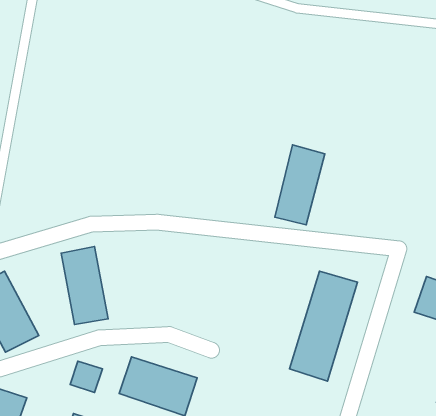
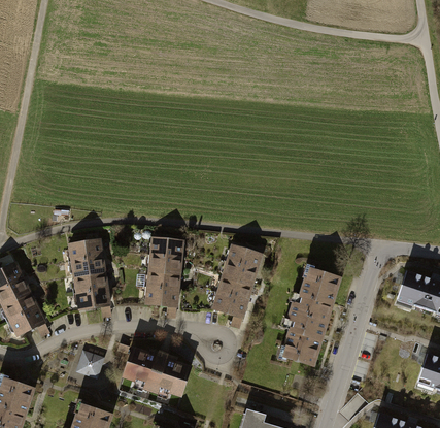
building: [275,145,325,225] -> [214,246,261,321]
building: none -> [144,240,183,310]

